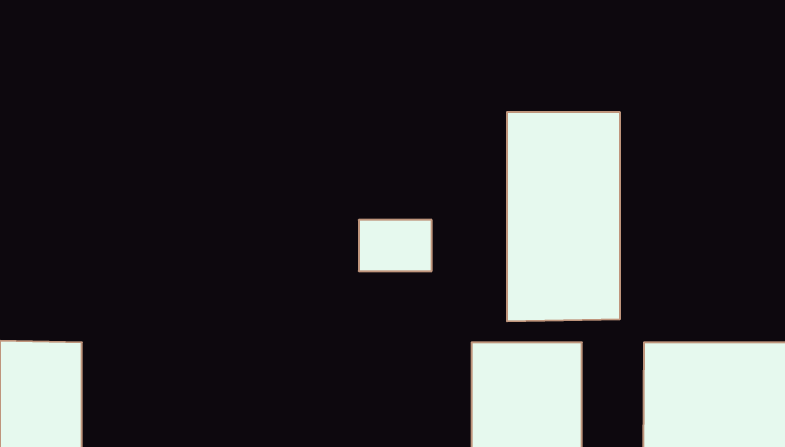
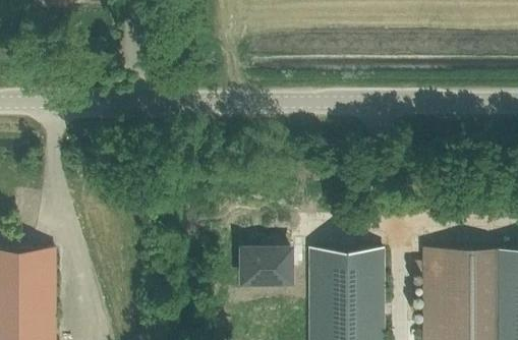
building: [507,112,620,321] -> none
building: [359,220,432,271] -> [241,249,289,283]

